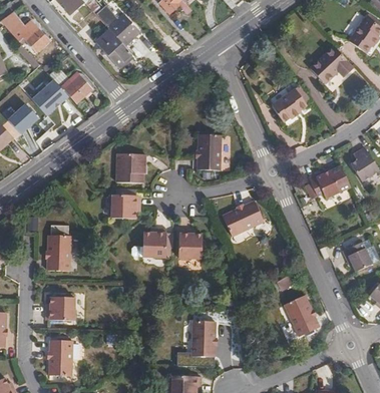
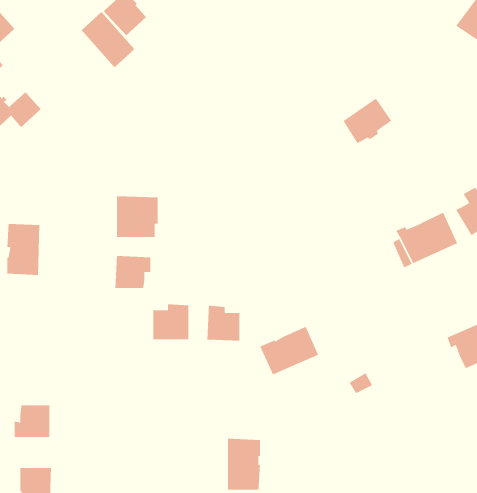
building: [310,45,354,83] -> none
building: [59,71,89,101] -> none
building: [198,134,221,170] -> none
building: [223,202,264,236] -> [259,326,319,376]
building: [48,236,71,272] -> [7,223,40,276]
building: [285,296,320,337] -> none

